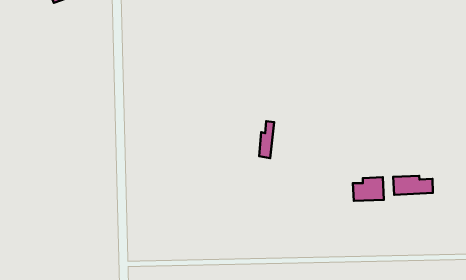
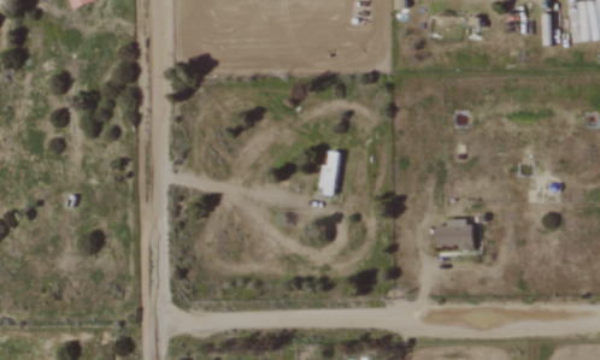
building: [393,176,433,195] -> none

